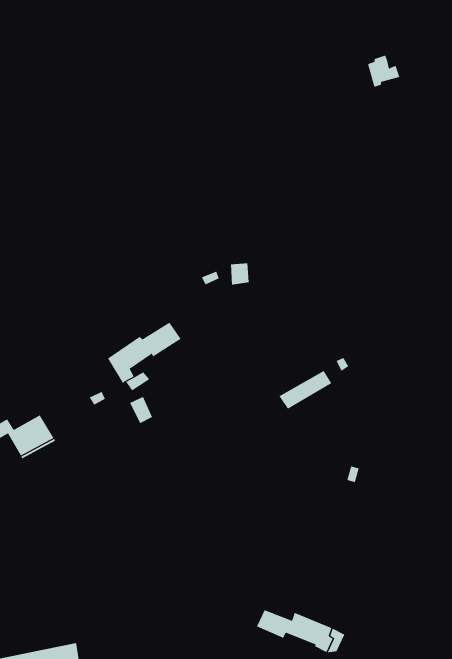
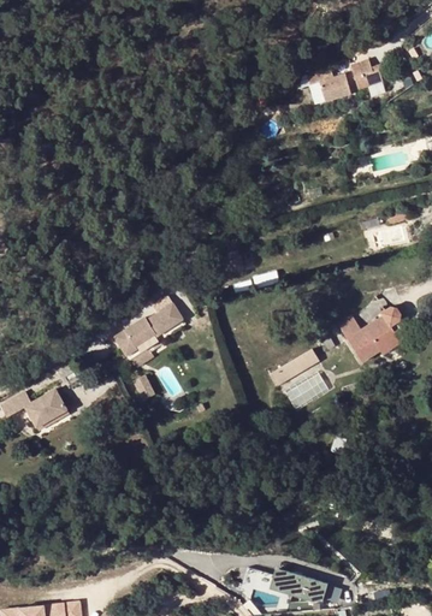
building: none -> [307,66,359,100]
building: none -> [339,315,401,361]
building: none -> [288,372,330,407]

